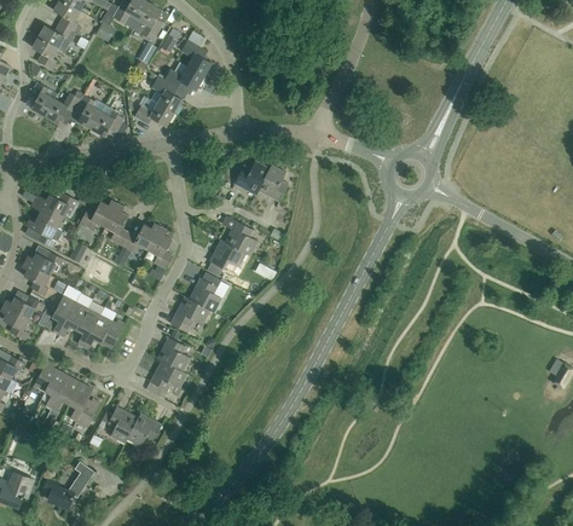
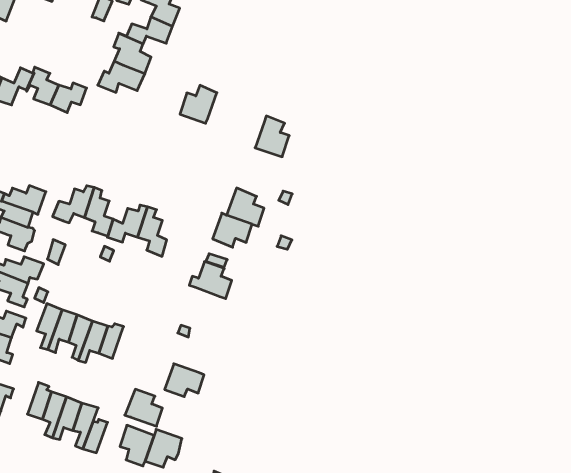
building: [235,160,268,192] -> [180,85,217,123]
building: [170,296,209,331] -> none
building: [157,337,190,371] -> [125,389,162,426]

